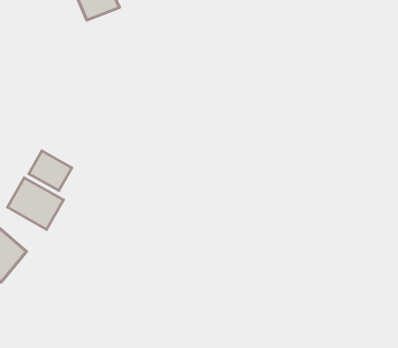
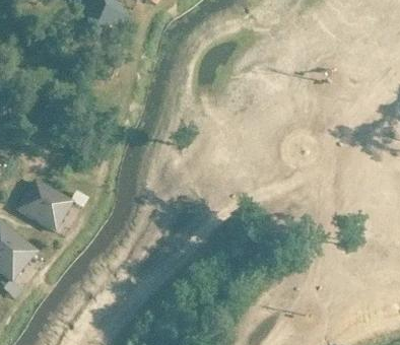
building: [29,151,72,191] -> none

